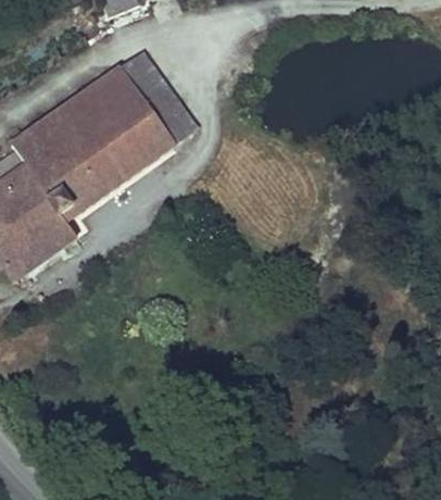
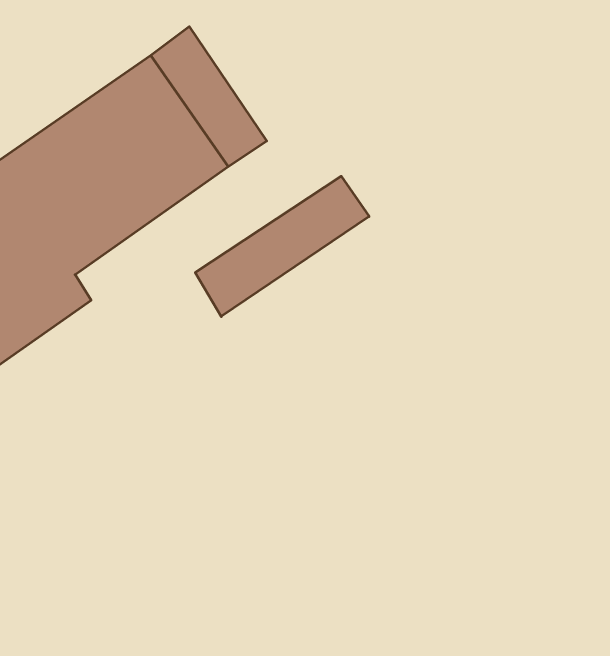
building: none -> [195,176,369,317]

